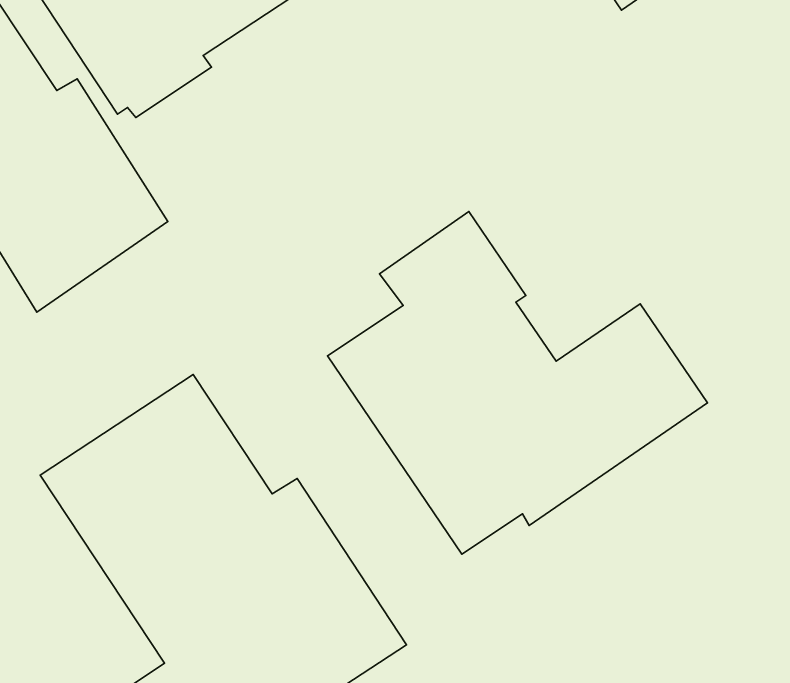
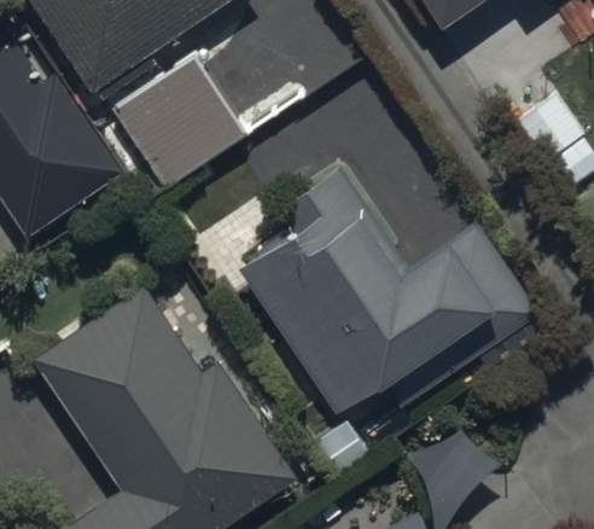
building: none -> [111,56,246,190]

